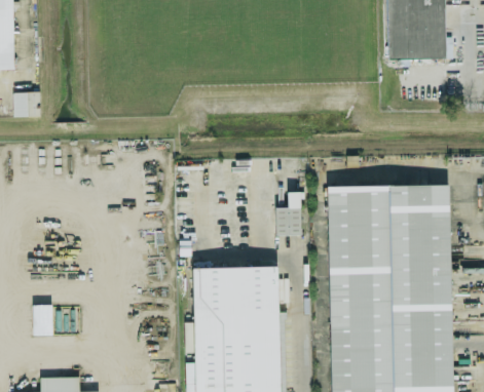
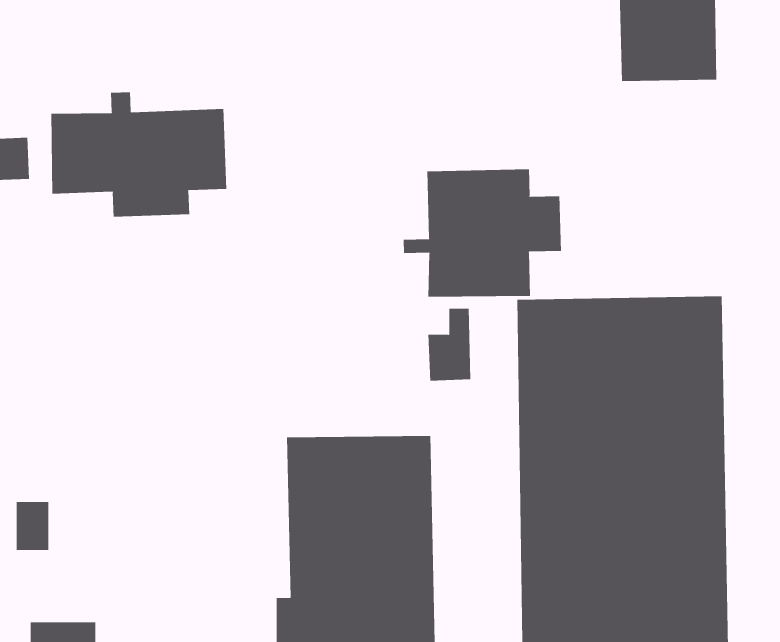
building: none -> [51,91,227,218]
building: none -> [403,168,561,297]

